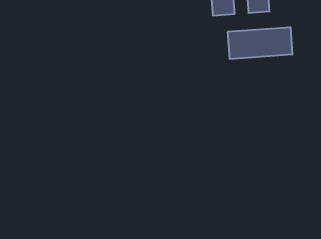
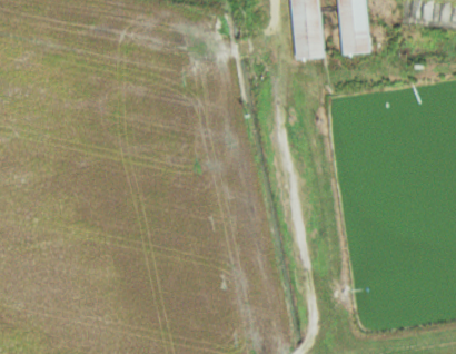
building: [228,27,292,59] -> none

